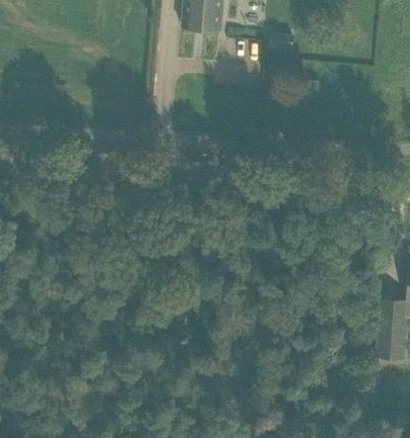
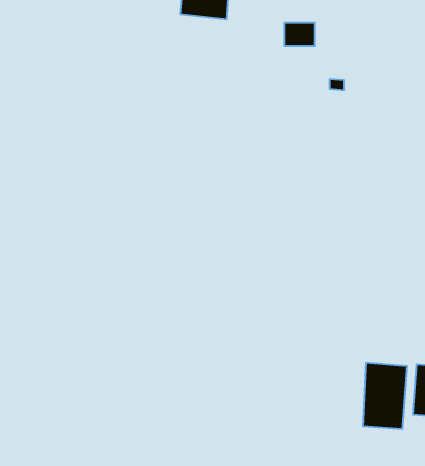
building: none -> [363,363,407,429]

